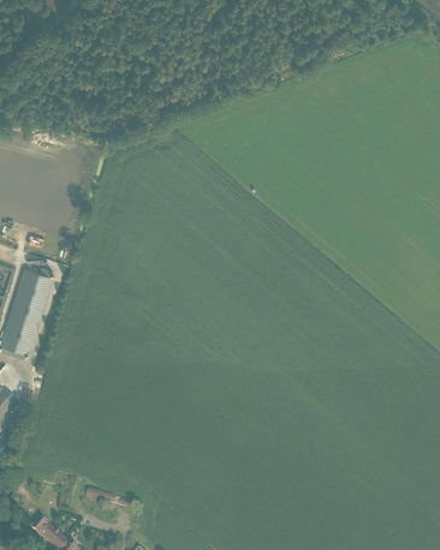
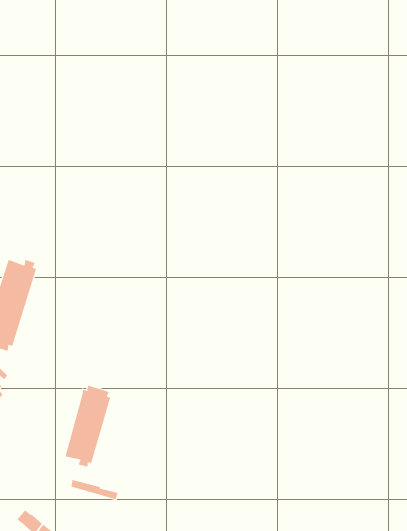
building: none -> [65,385,111,468]

